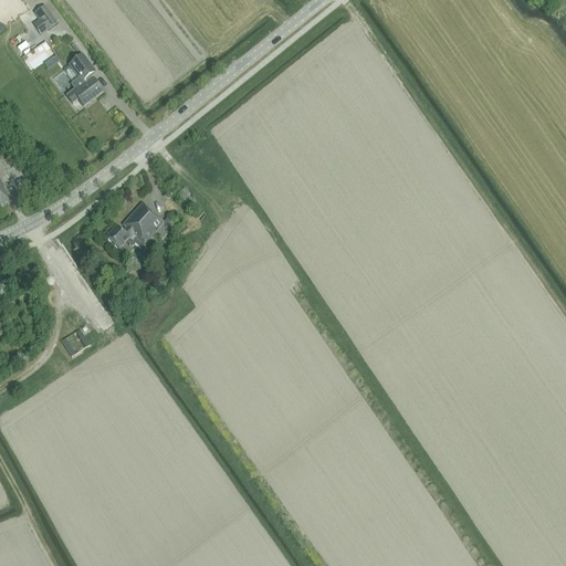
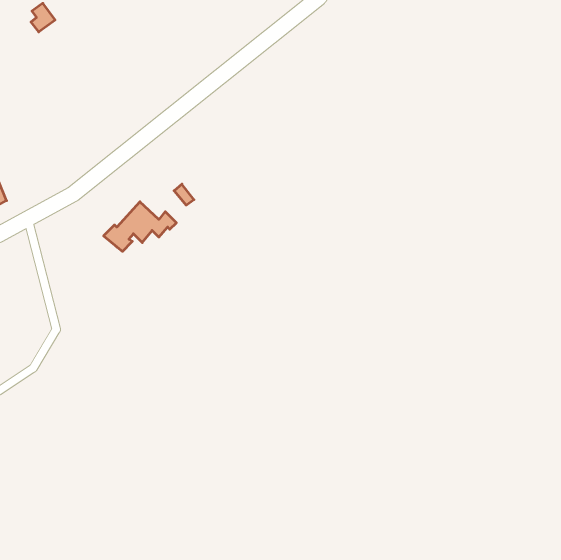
building: [61,53,101,105] -> none

